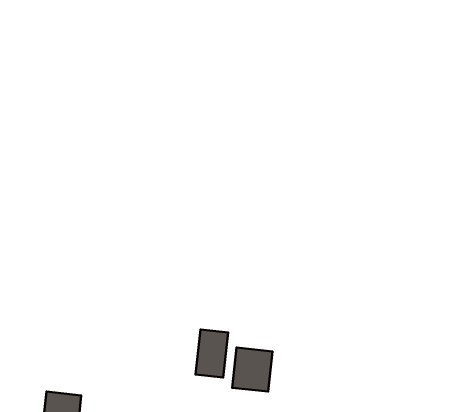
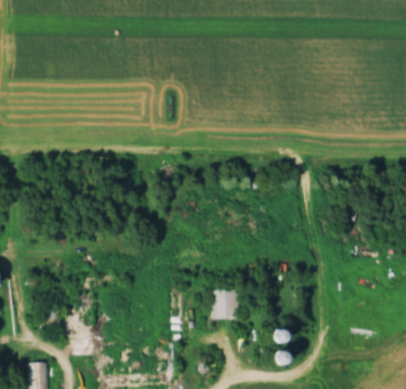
building: [195,329,228,377] -> none

